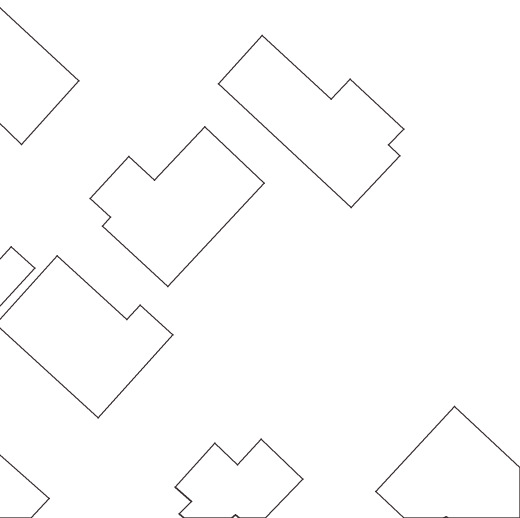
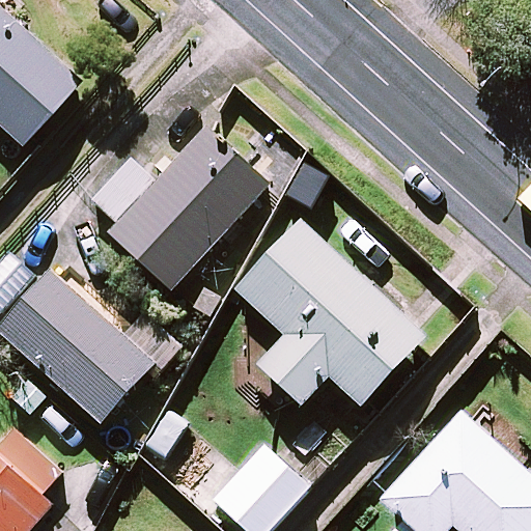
building: [218,36,404,207] -> none
building: none -> [235,221,422,404]

